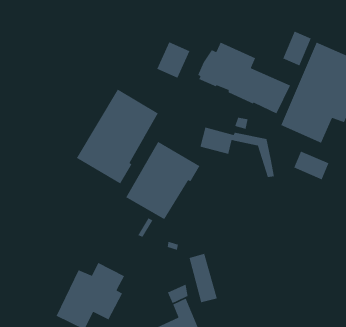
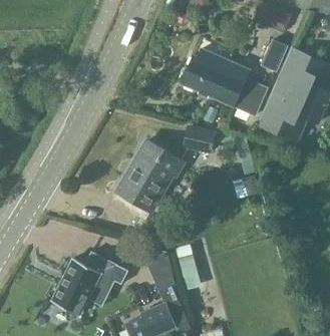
building: [156,41,191,79] -> none
building: [76,89,159,185] -> none
building: [293,150,329,180] -> none

